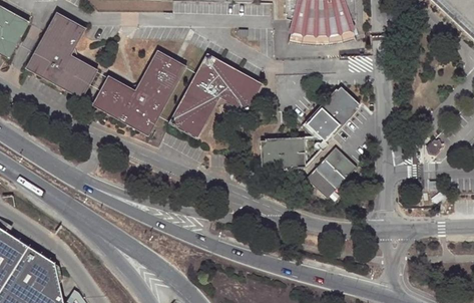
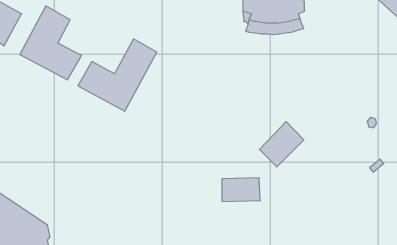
building: [170,54,263,137] -> none
building: [305,85,359,139] -> none
building: [260,136,304,164] -> [222,178,260,201]

